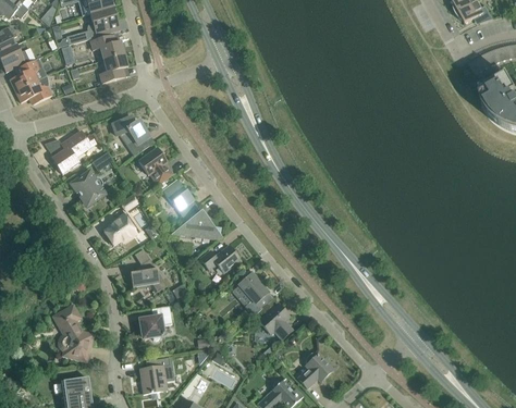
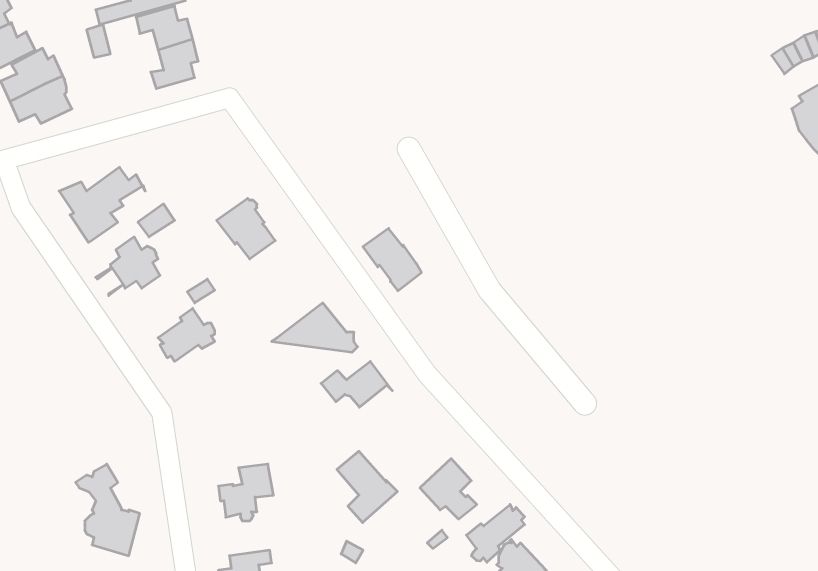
building: [111,118,149,156] -> none
building: [161,180,196,217] -> [363,228,421,291]
building: [130,258,165,292] -> none
building: [237,273,273,316] -> [337,451,397,523]
building: none -> [466,504,525,562]

